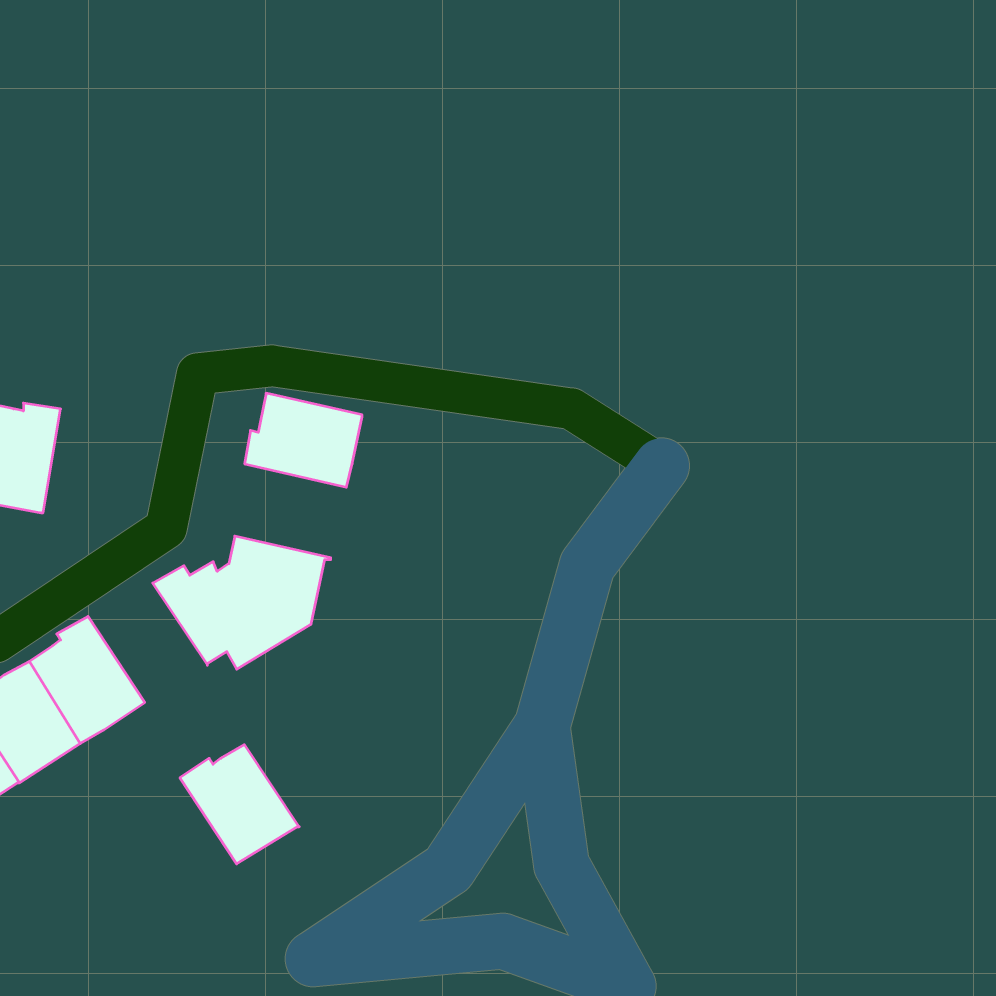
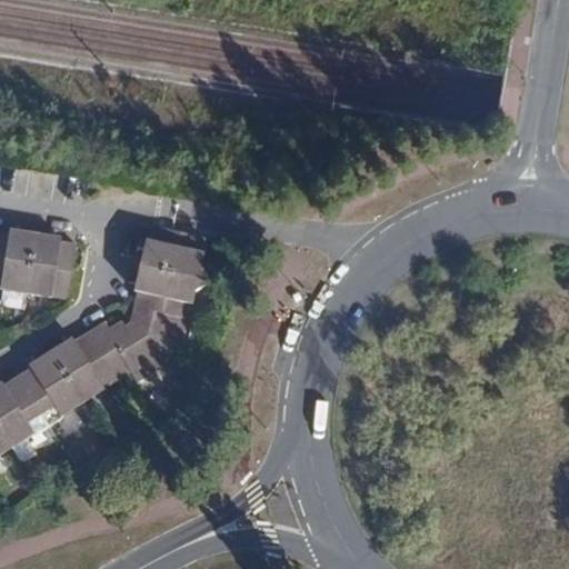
building: none -> [24,232,74,298]
building: none -> [133,263,197,317]
building: [180,745,299,864] -> [50,331,118,399]

